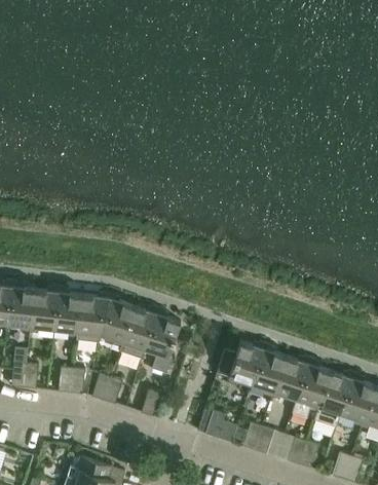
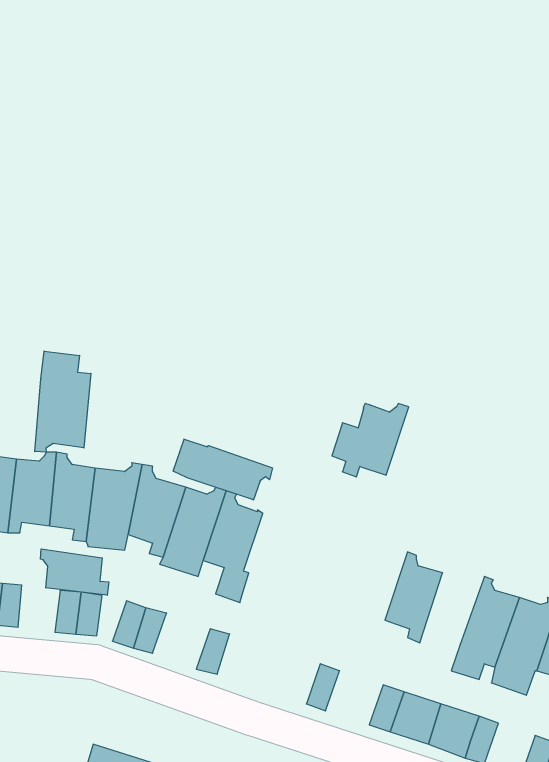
building: none -> [35,351,91,452]
building: none -> [173,439,272,500]
building: [220,342,265,385] -> [332,404,409,477]
building: none -> [40,549,109,595]
building: [272,357,310,400] -> none

